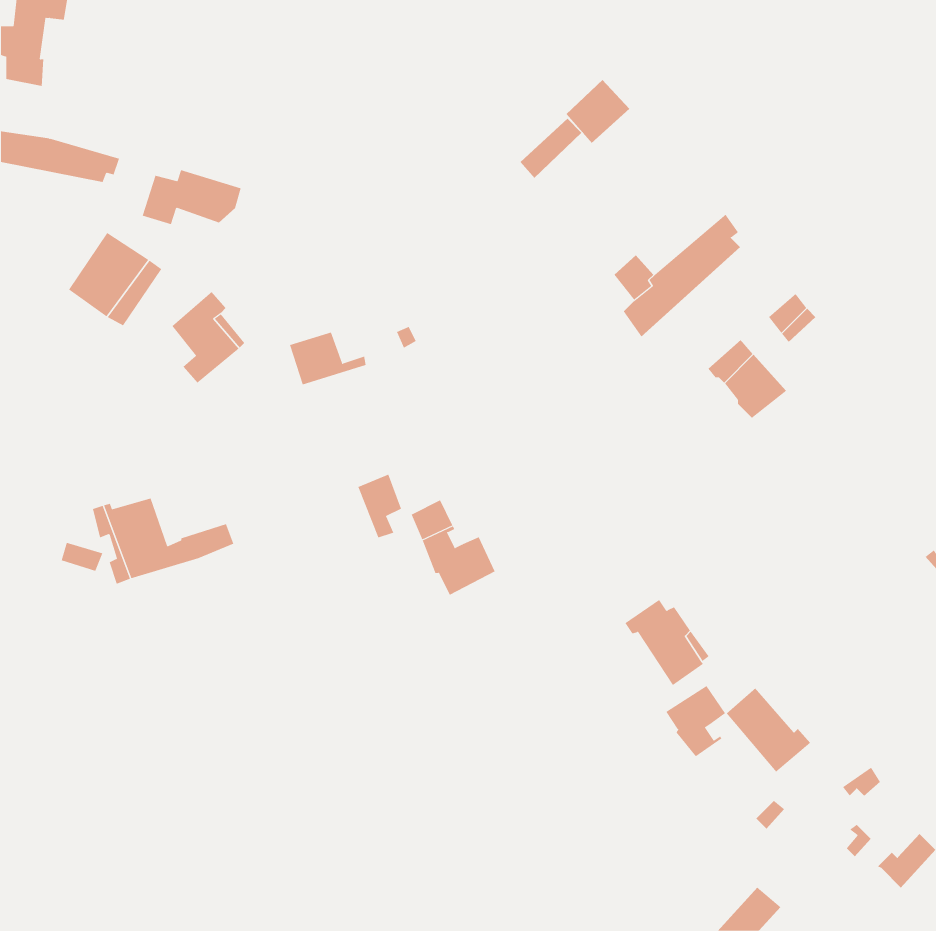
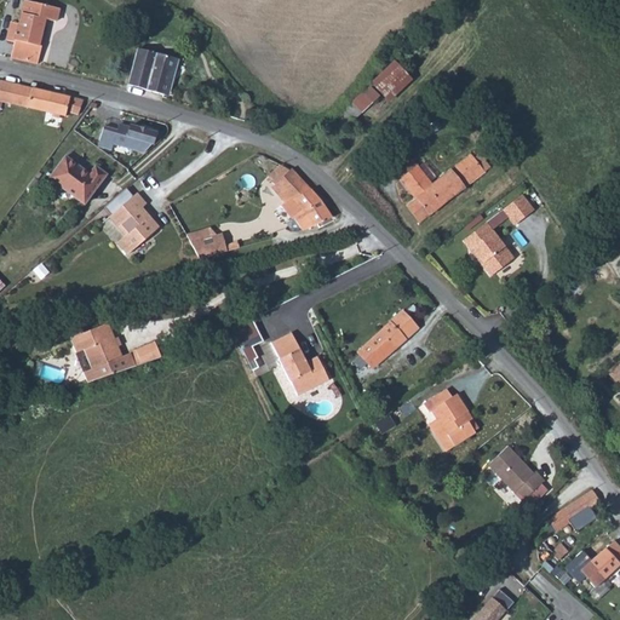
building: none -> [125,42,171,84]
building: none -> [279,172,333,230]
building: none -> [358,323,411,367]
building: [666,685,726,757] -> none

